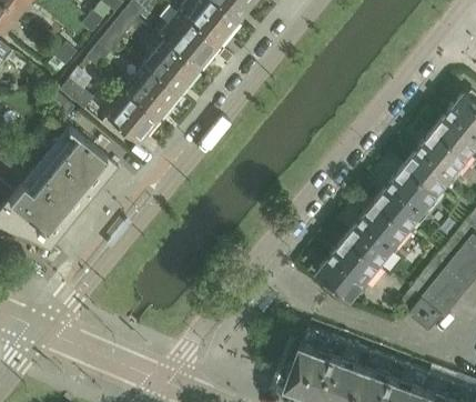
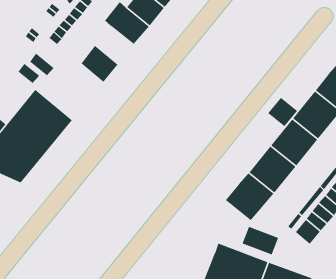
building: [145,44,196,94] -> none
building: [105,93,156,143] -> none
building: none -> [267,97,298,127]
building: none -> [242,226,279,256]

